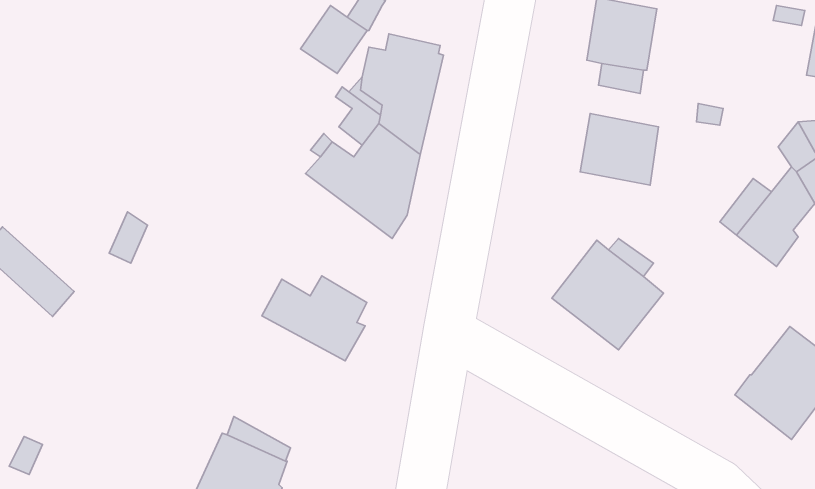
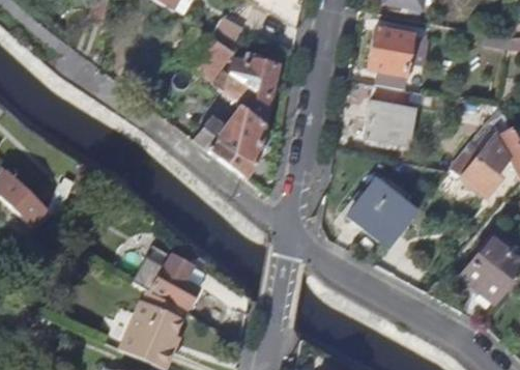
building: [262,276,367,361] -> [136,253,201,306]

